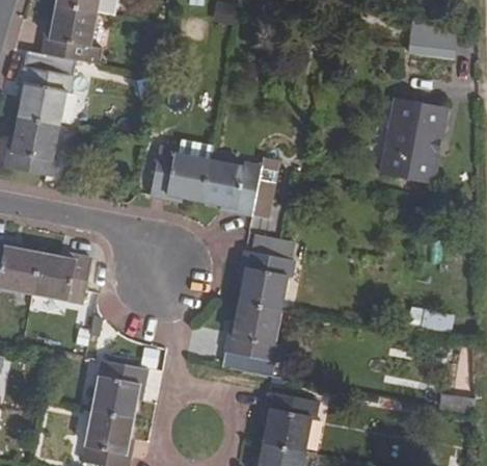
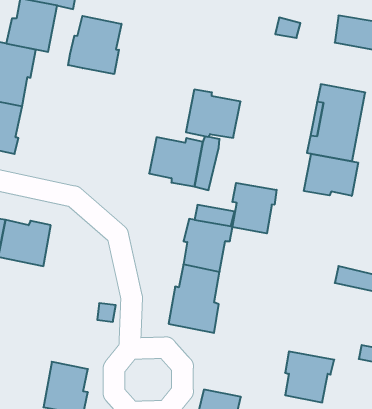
building: none -> [68,16,121,74]
building: [148,145,210,199] -> [186,90,241,138]
building: none -> [304,154,358,196]
building: none -> [232,183,277,233]
building: [92,360,146,418] -> none
building: [263,392,318,449] -> [285,351,334,402]

